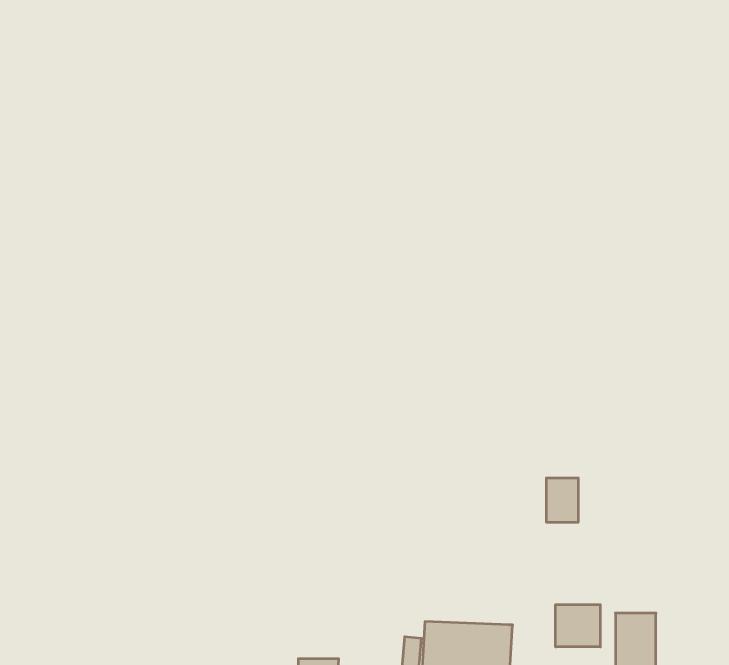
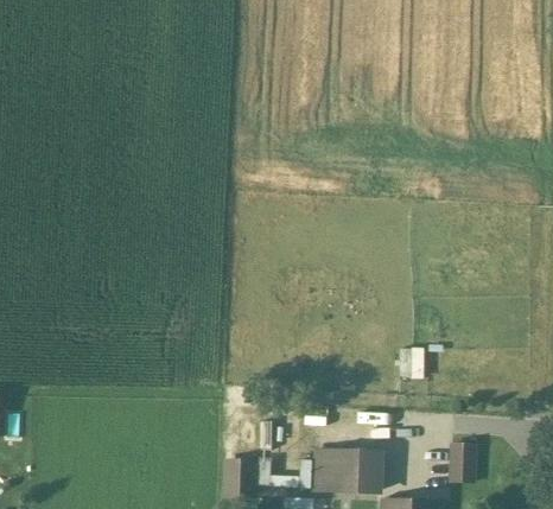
building: [556,605,600,647] -> none

